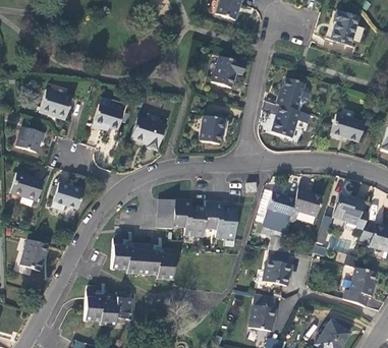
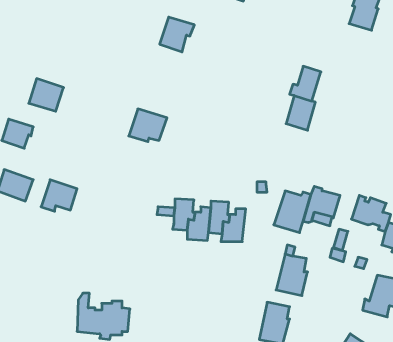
building: [211,57,242,89] -> [160,17,194,52]
building: [93,98,123,130] -> none
building: [196,110,225,140] -> none
building: [331,114,364,140] -> none
building: [110,233,172,279] -> none
building: [20,239,48,271] -> none

